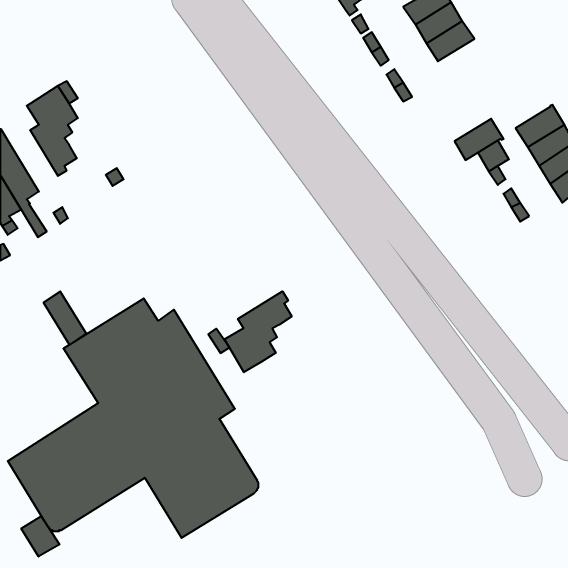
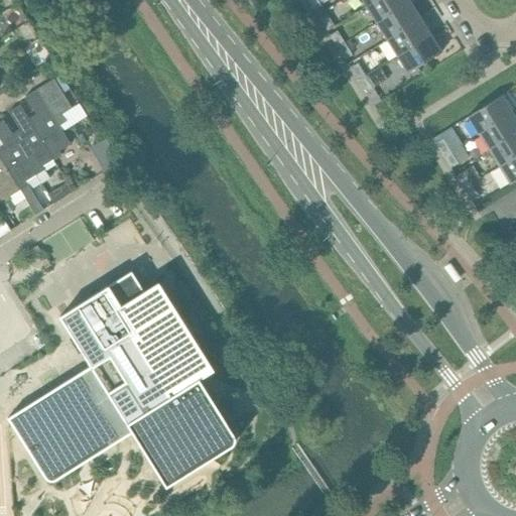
building: none -> [8,103,53,182]
building: [455,119,504,160] -> [397,35,441,73]
building: [224,291,292,372] -> none
building: [44,291,86,345] -> none
building: [21,516,59,557] -> none

